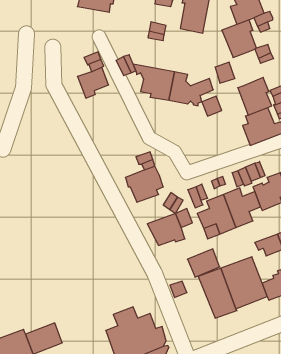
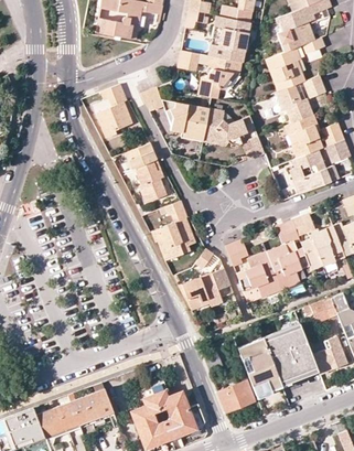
building: none -> [199,55,244,97]
building: none -> [276,84,314,124]
building: none -> [128,142,168,202]
building: [187,249,220,277] -> [218,378,256,411]
building: none -> [71,388,114,423]

